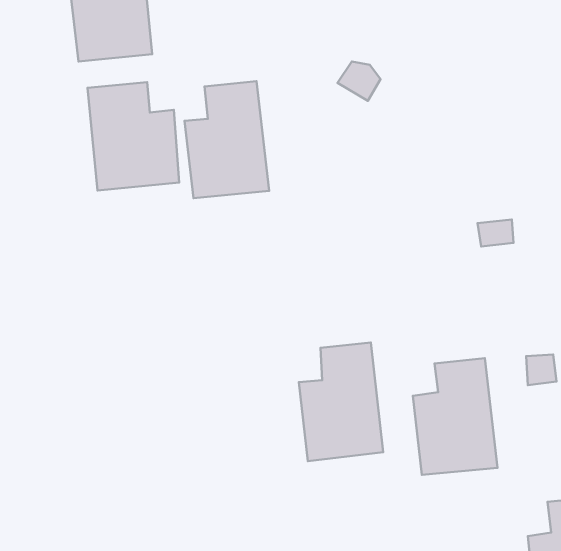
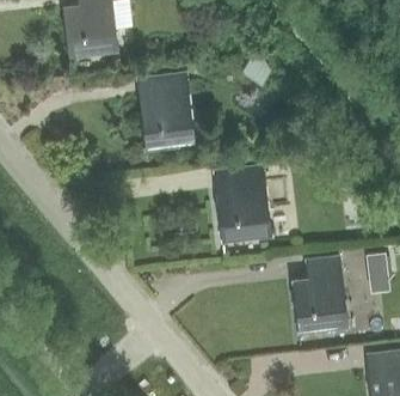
building: [88,82,179,191] -> none
building: [299,343,383,461] -> [215,163,271,242]

